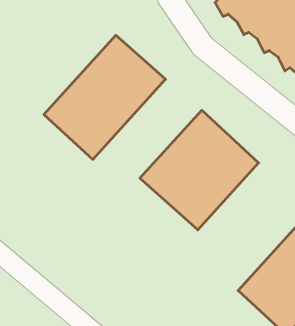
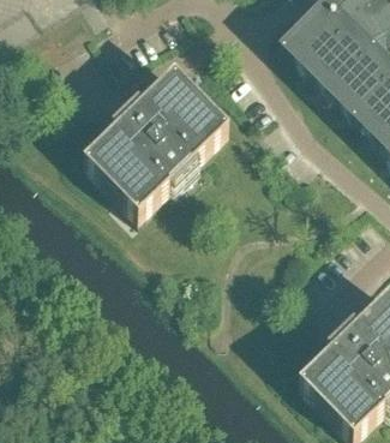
building: [140,110,259,230] -> none

